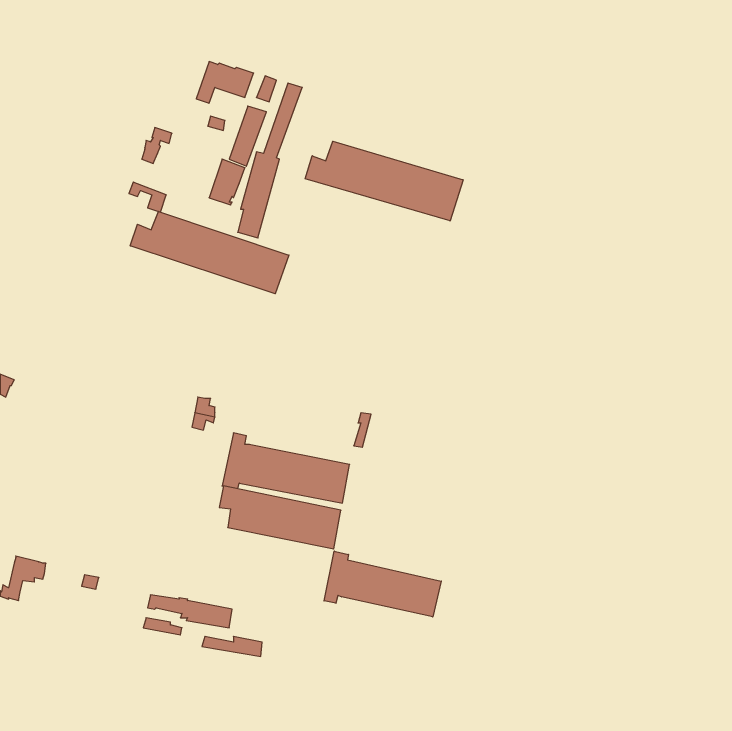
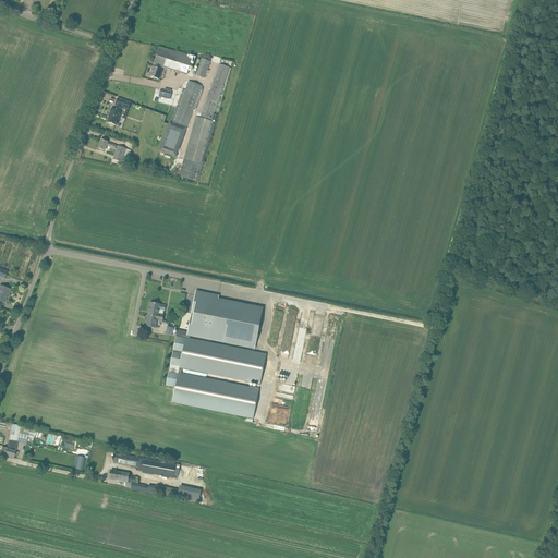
building: [305,141,463,221] -> none
building: [130,211,289,294] -> none
building: none -> [186,290,264,348]
building: [324,551,441,617] -> none

